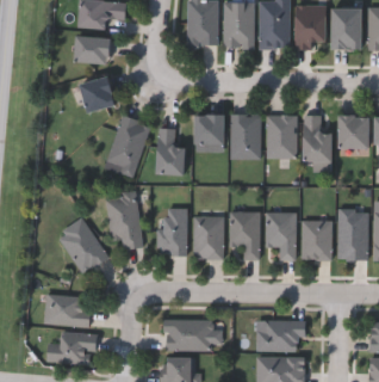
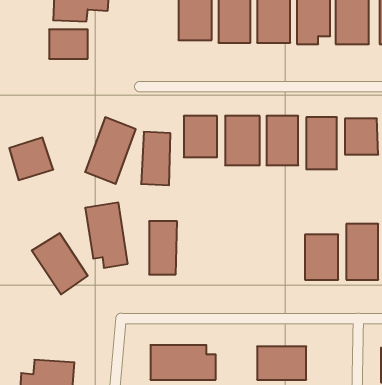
building: [76,75,116,113] -> [9,138,53,180]
building: [230,211,260,260] -> none
building: [266,212,296,260] -> none
building: [193,215,223,259] -> none
building: [43,295,91,327] -> none

